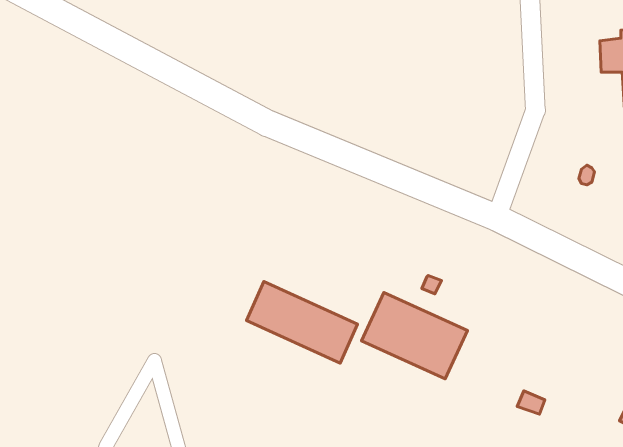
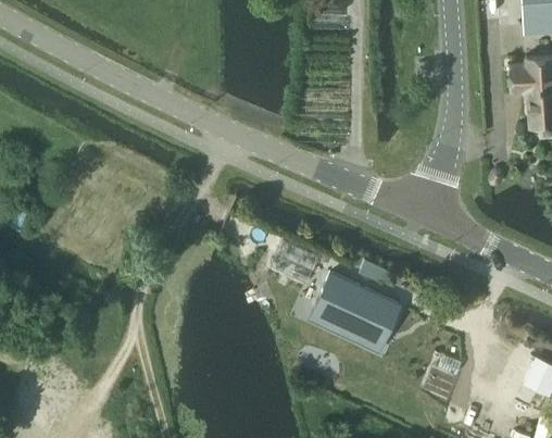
building: [246,282,358,363] -> none

